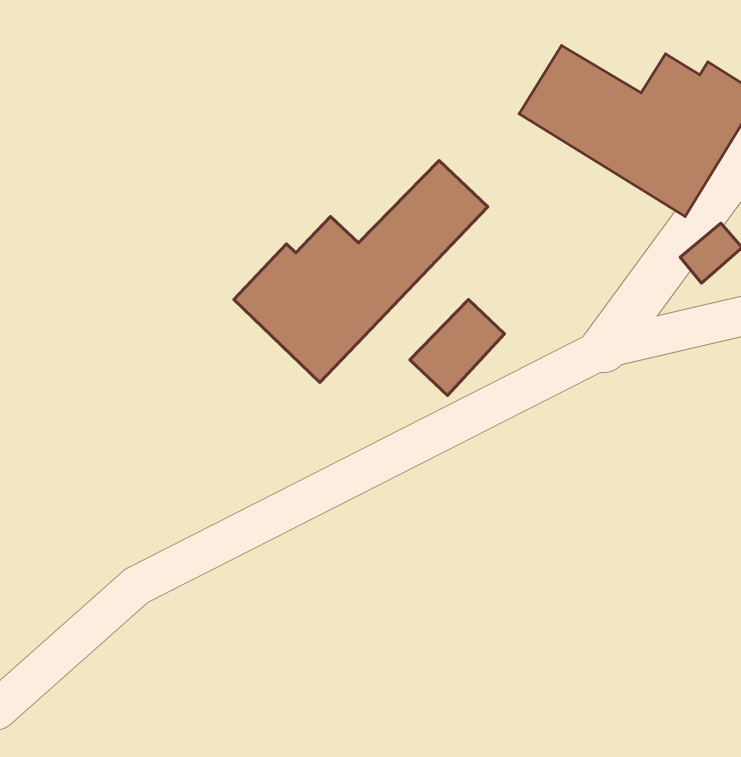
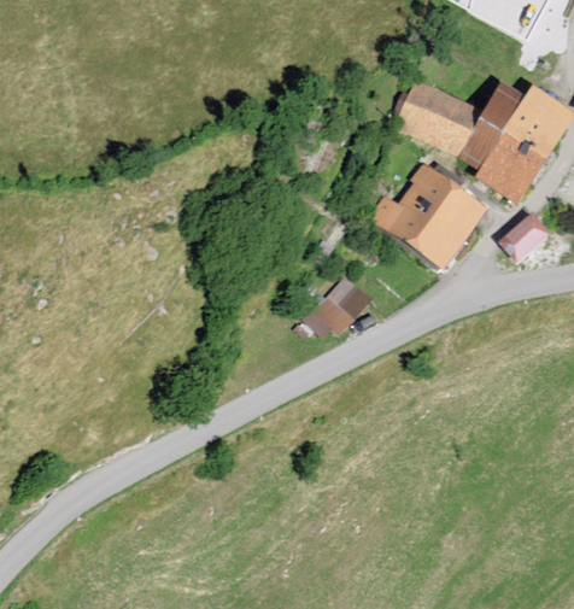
building: [234,161,488,382] -> none
building: none -> [369,165,484,269]

